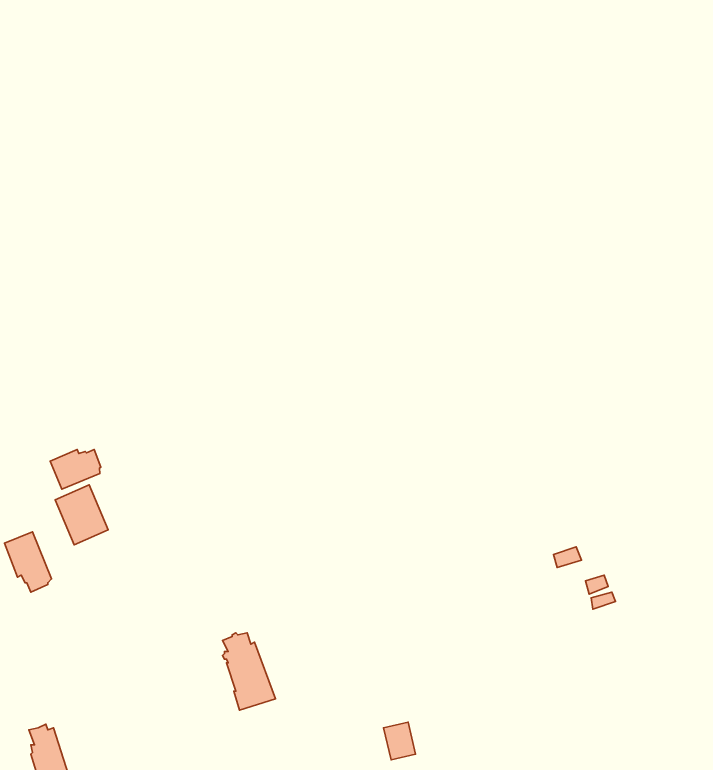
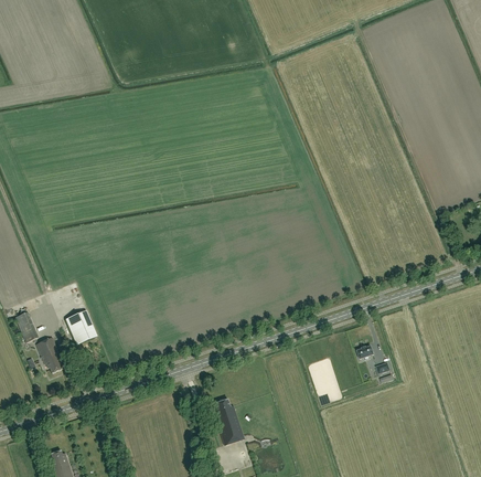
building: [50,449,101,489] -> none
building: [223,633,275,710] -> [213,399,244,444]

